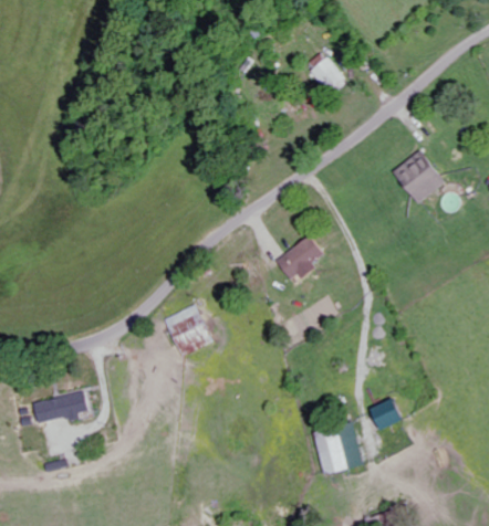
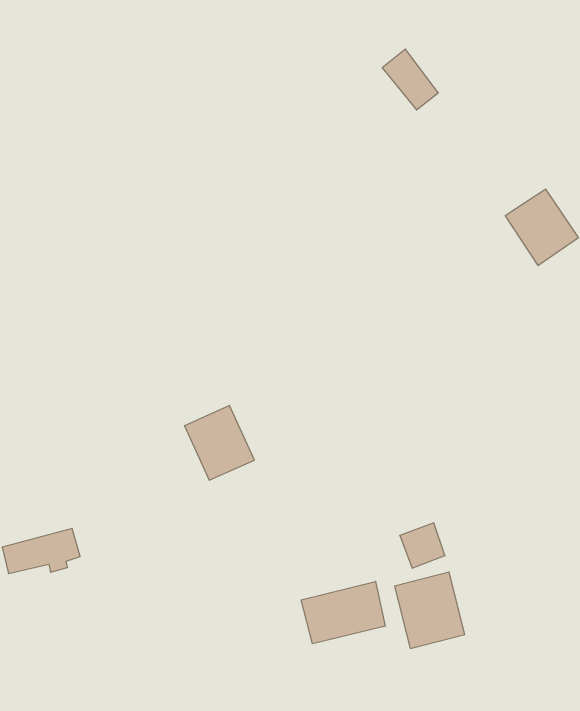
building: [275,235,323,280] -> none
building: [371,399,403,431] -> [400,523,445,568]
building: none -> [301,581,385,644]

